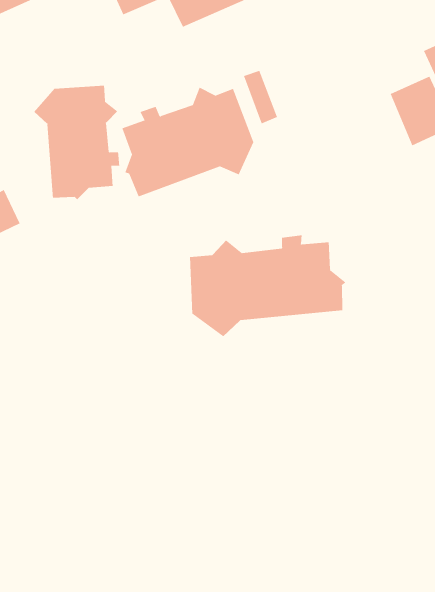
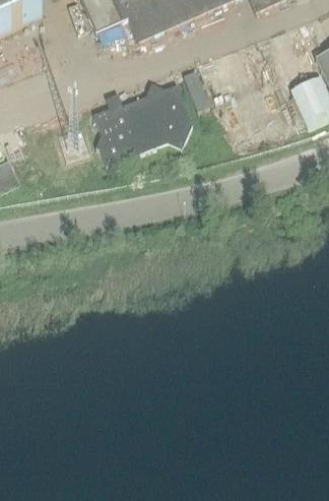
building: [33,85,120,200] -> none
building: [190,235,346,337] -> none

